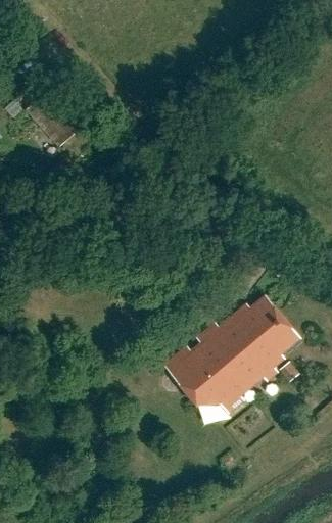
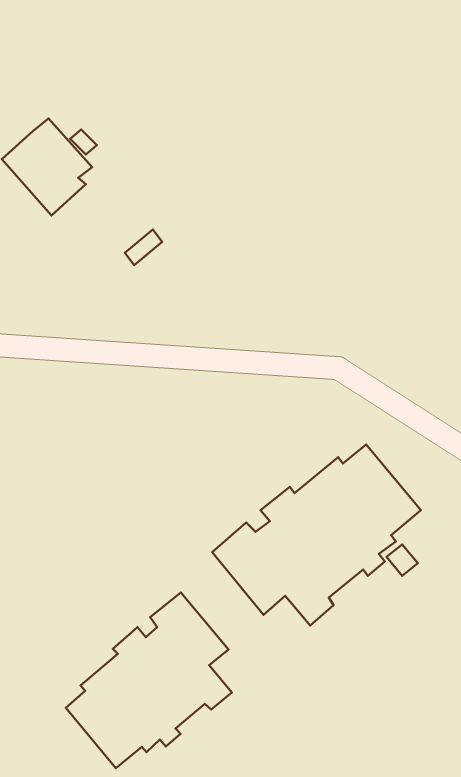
building: none -> [66,592,232,768]

